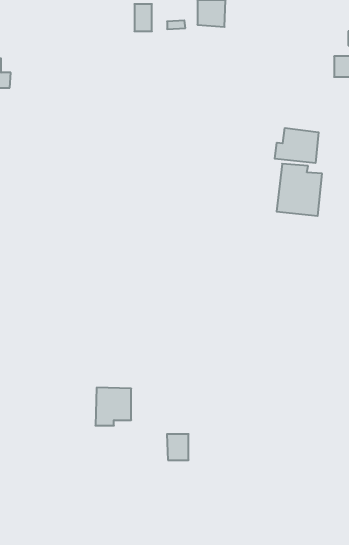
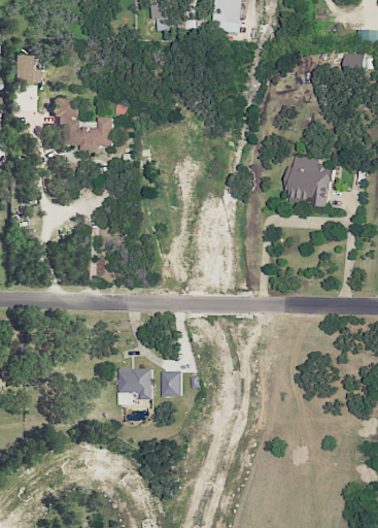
building: none -> [51,98,113,147]
building: [275,128,319,163] -> none
building: [167,434,189,460] -> [160,371,180,396]

